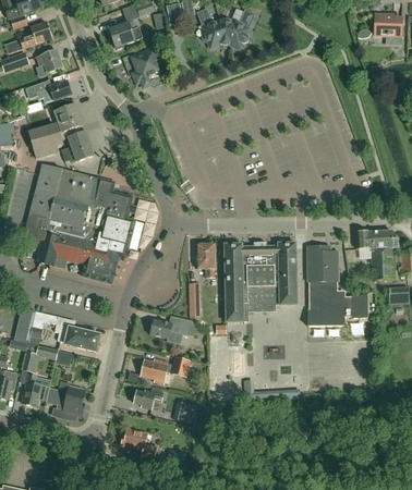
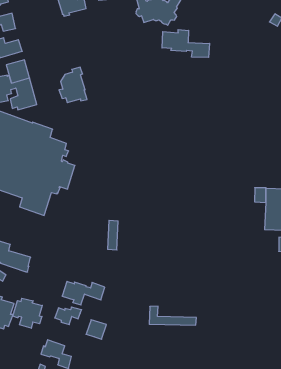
building: [133,45,167,87] -> [59,67,87,103]
building: none -> [162,30,210,57]
building: [225,243,296,322] -> none
building: [197,244,215,278] -> none
building: [307,246,367,327] -> none
building: [150,315,192,344] -> none
building: none -> [13,298,42,328]

